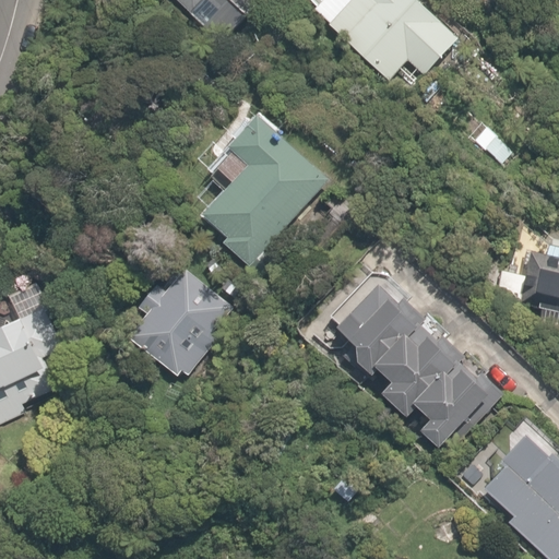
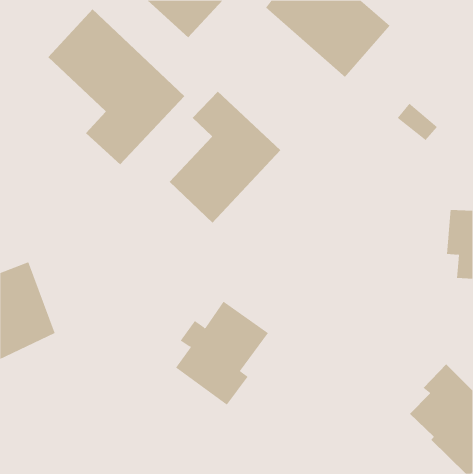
building: none -> [48,9,185,165]
building: [132,259,242,382] -> [175,301,269,406]
building: [325,274,497,450] -> none

